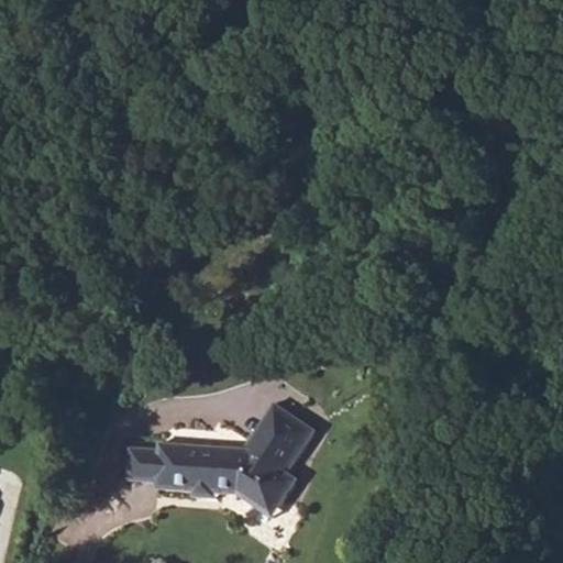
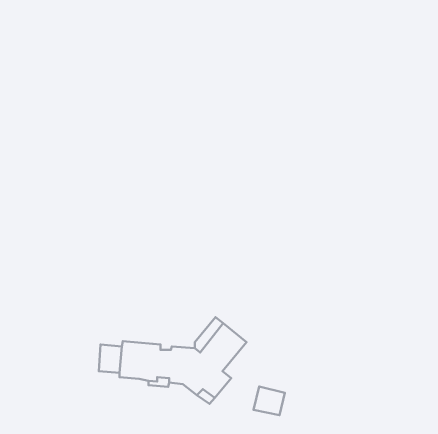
building: none -> [254,386,285,415]

